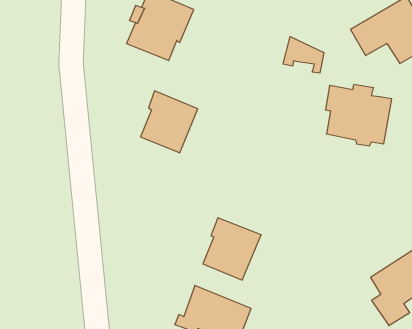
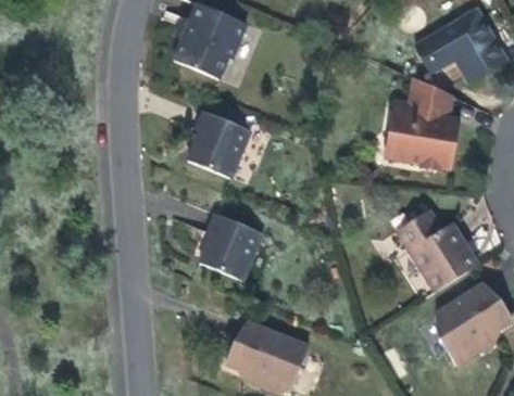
building: [283,37,324,73] -> [406,78,451,117]
building: none -> [397,209,477,291]
building: [203,218,261,280] -> [199,213,262,280]

